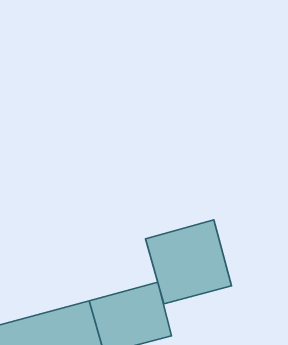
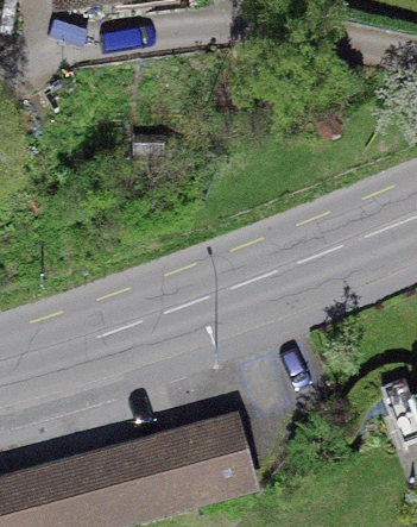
building: [145,220,232,304] -> none

